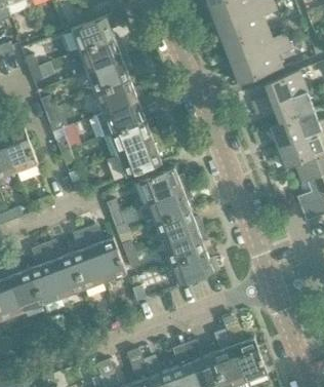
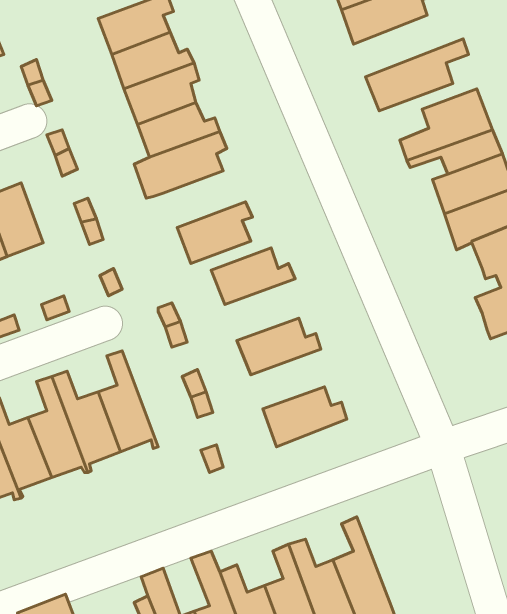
building: [224,28,289,65] -> none
building: [99,121,159,155] -> none
building: [147,186,192,223] -> none
building: [85,225,126,286] -> none
building: [162,228,208,264] -> none
building: [226,325,268,382] -> none

